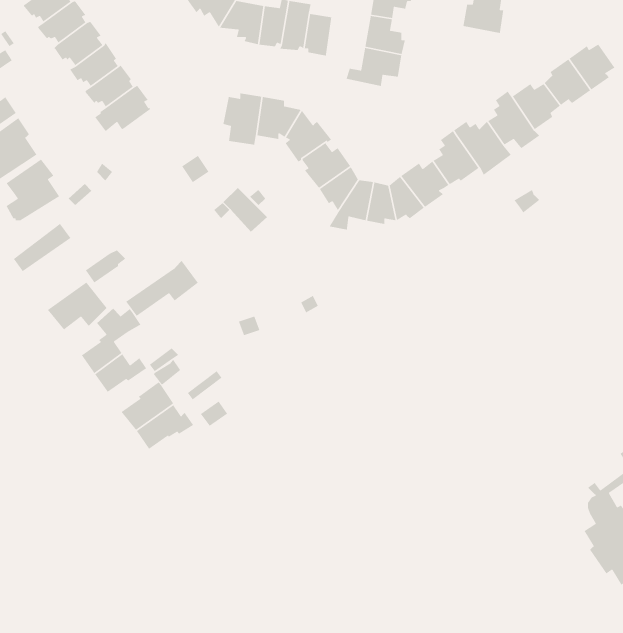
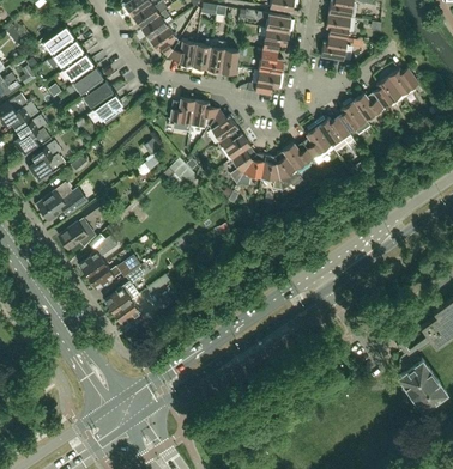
building: [125,260,199,317] -> [42,185,89,221]

